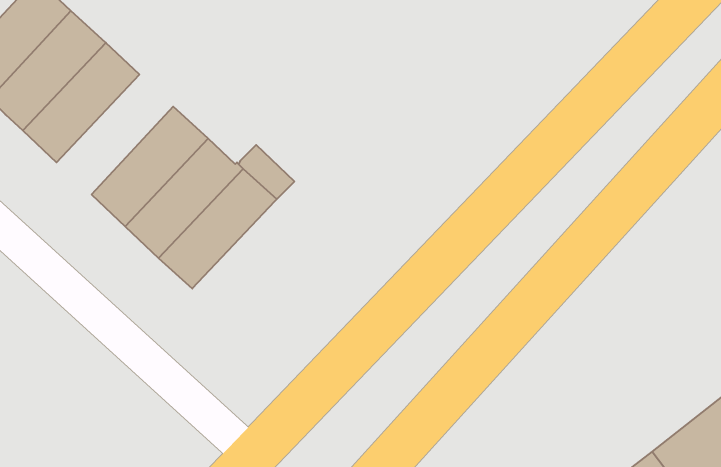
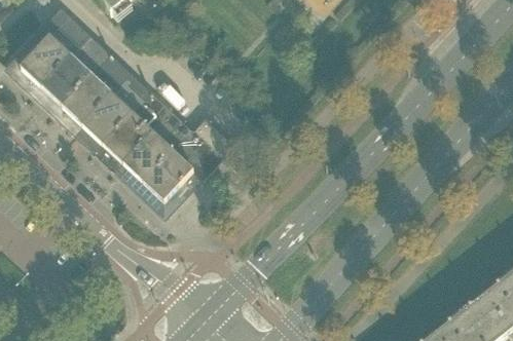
building: none -> [76,69,151,146]

